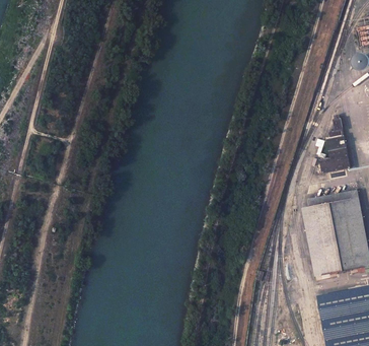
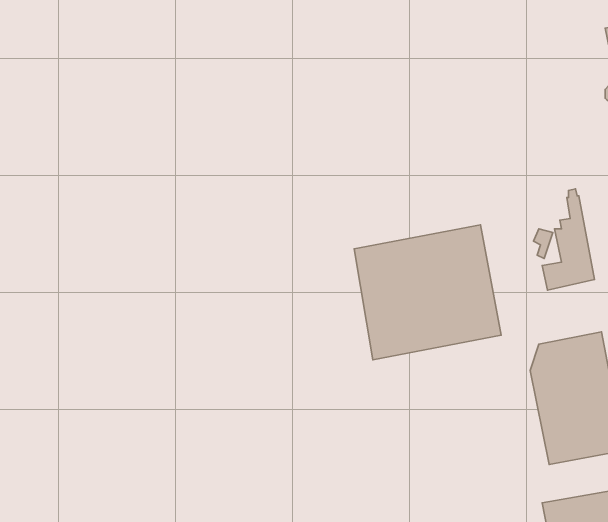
building: none -> [354,225,501,360]

